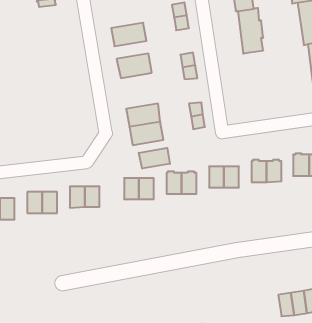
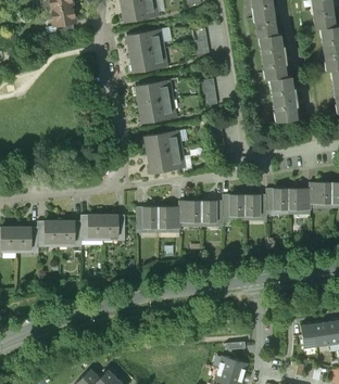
building: none -> [127,29,163,53]
building: none -> [271,75,297,120]
building: none -> [140,99,175,123]
building: [139,148,170,169] -> none

